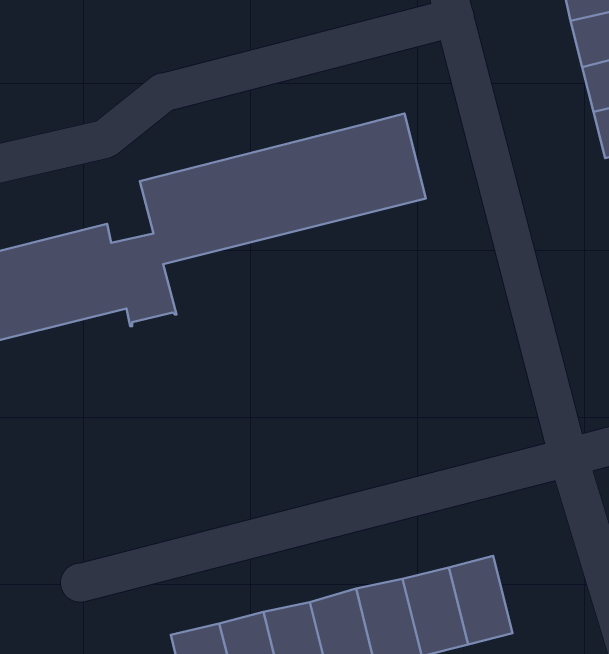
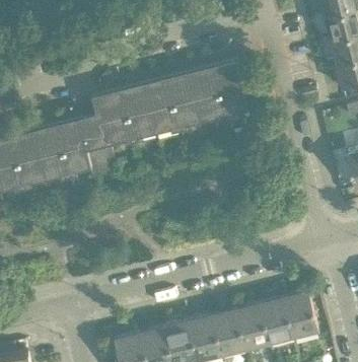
building: none -> [283,290,318,338]

